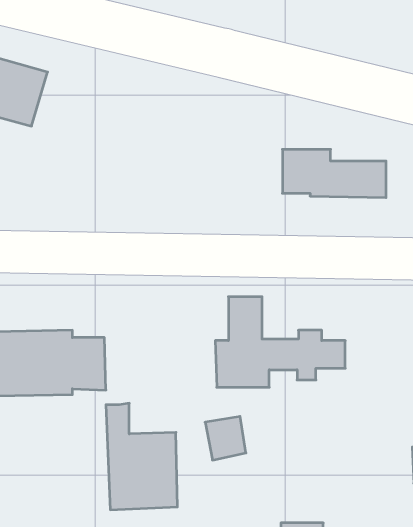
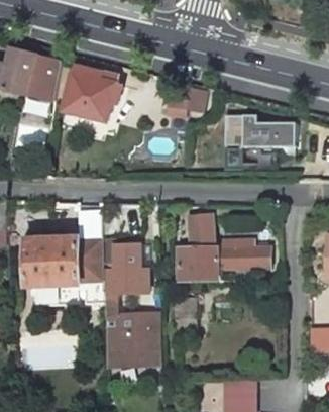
building: none -> [60,62,124,122]
building: none -> [164,84,208,118]
building: none -> [112,242,150,292]

